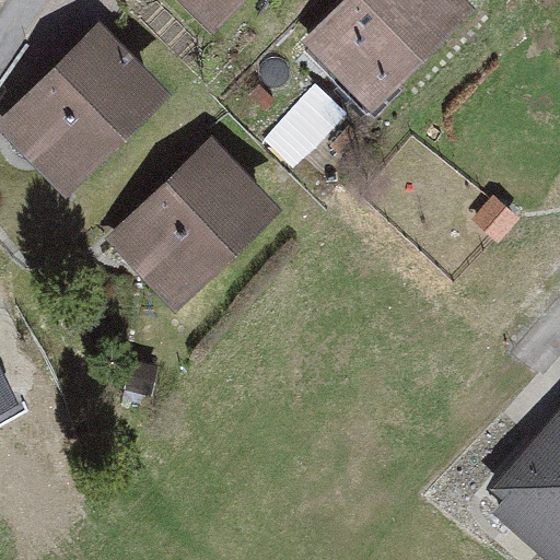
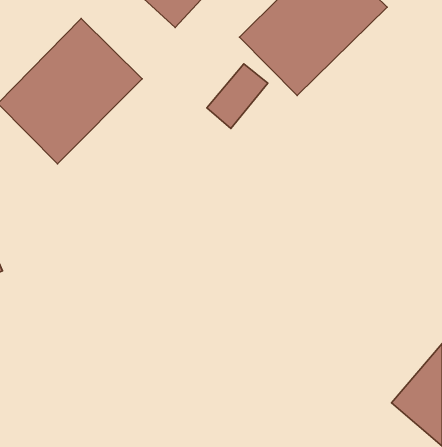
building: [107,135,280,306] -> none

